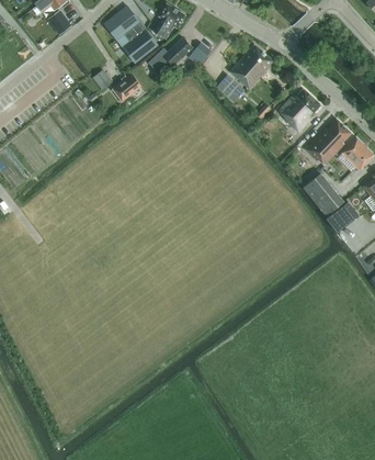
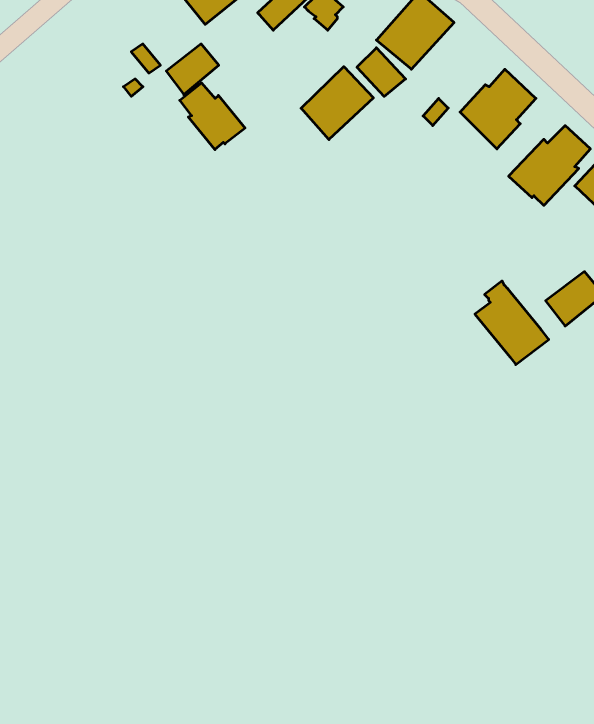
building: none -> [301,67,373,140]
building: none -> [180,83,245,150]
building: [303,169,344,216] -> [475,281,549,365]

